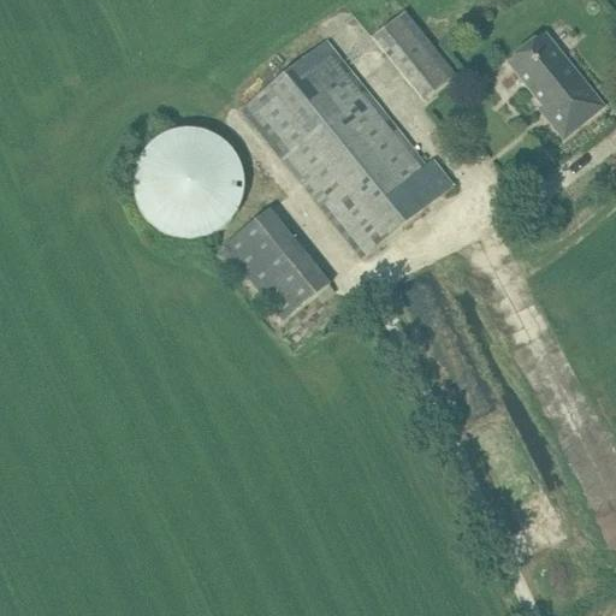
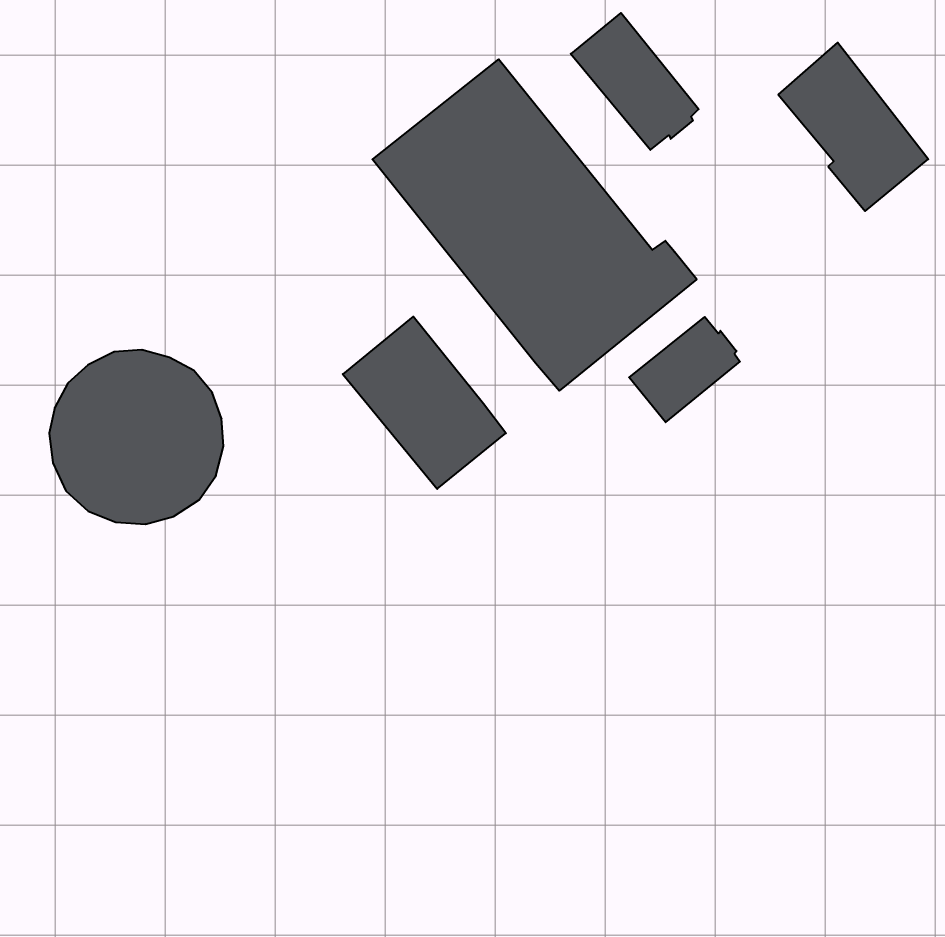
building: [129,134,242,247] -> [49,350,223,524]
building: none -> [629,317,740,422]

